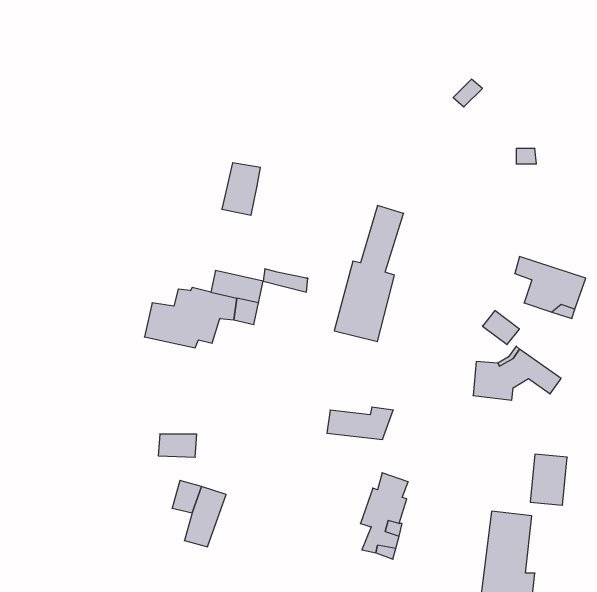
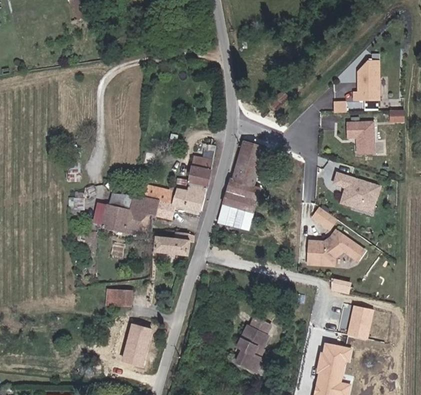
building: none -> [357,62,383,102]
building: [222,163,260,215] -> [182,154,207,188]
building: none -> [350,123,377,155]
building: none -> [170,190,201,211]
building: [327,407,393,439] -> [148,234,191,255]

